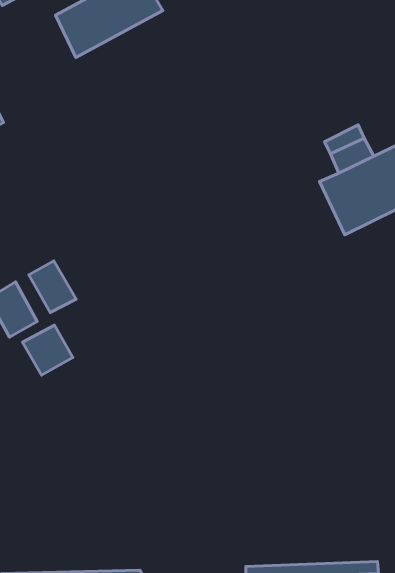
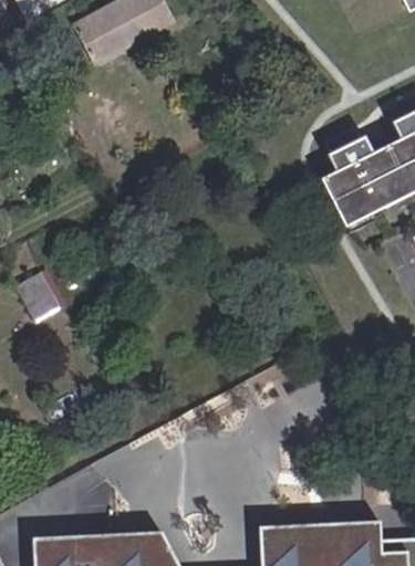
building: [29,261,76,313] -> none
building: [22,325,73,375] -> none

